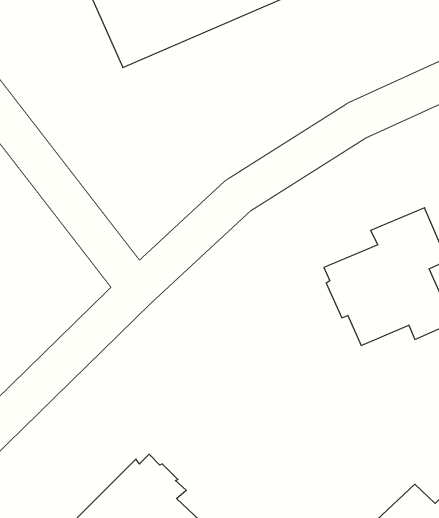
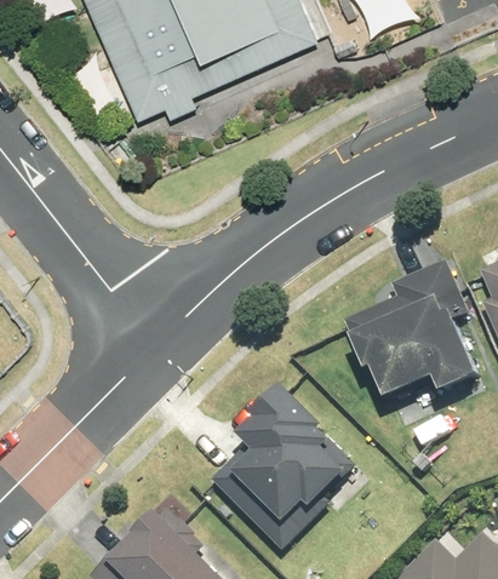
building: none -> [216,385,355,551]

